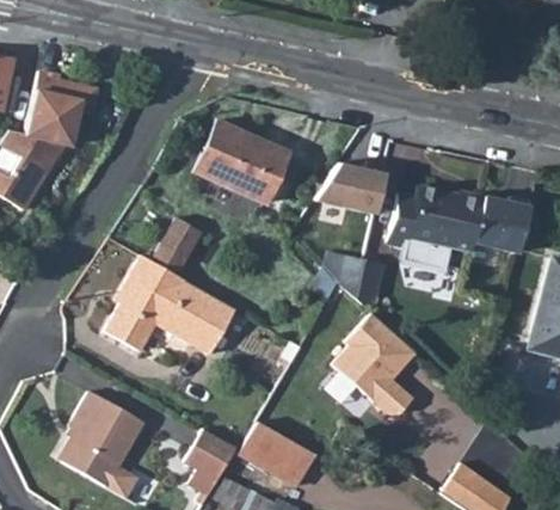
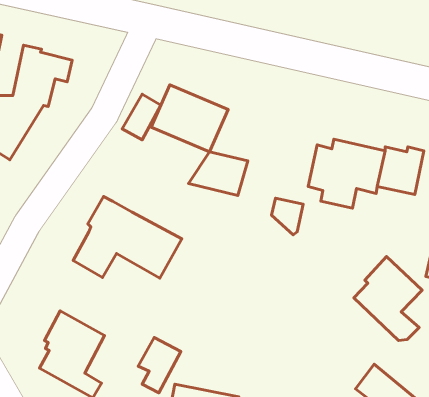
building: [313,162,384,215] -> [189,152,248,195]
building: [149,220,196,275] -> [122,94,161,140]
building: [333,308,416,410] -> [354,257,422,340]
building: [236,417,312,481] -> none

